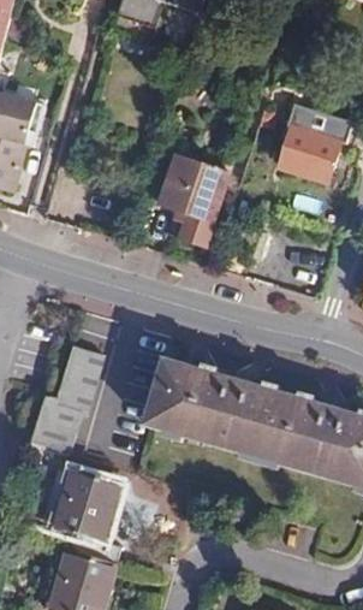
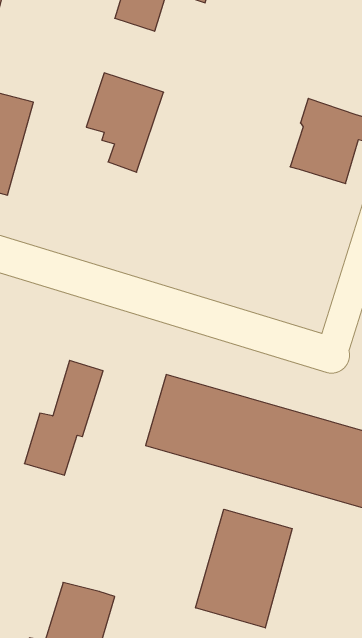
building: [157,153,230,245] -> [86,73,164,172]
building: [37,464,124,561] -> none
building: none -> [196,509,292,628]

